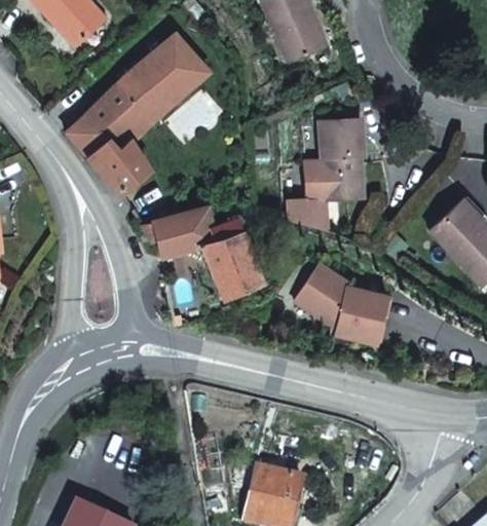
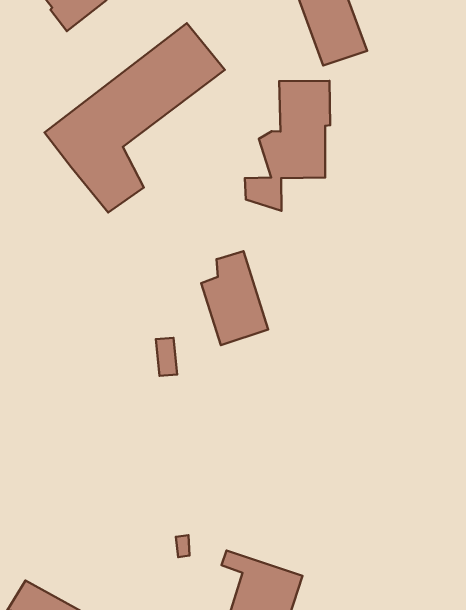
building: [297,119,364,228] -> [245,81,330,211]
building: [141,203,216,258] -> none
building: [294,262,387,343] -> none

